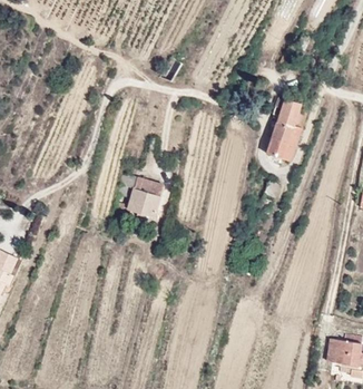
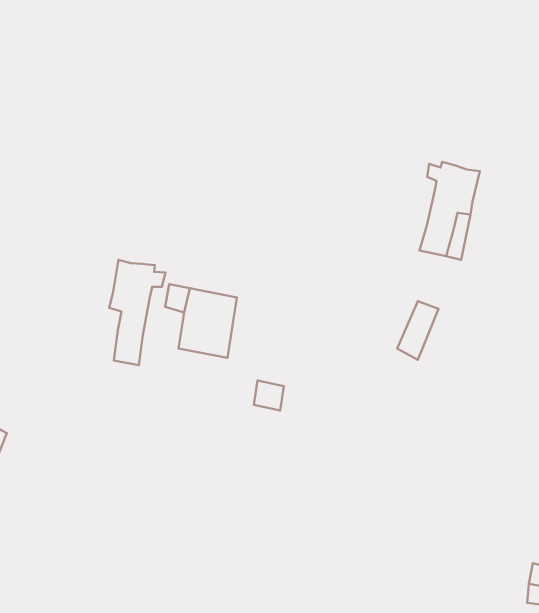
building: none -> [109,260,165,365]

